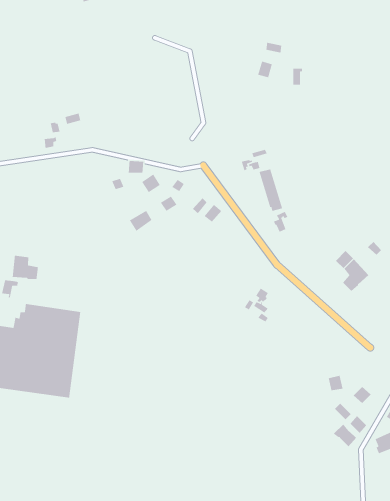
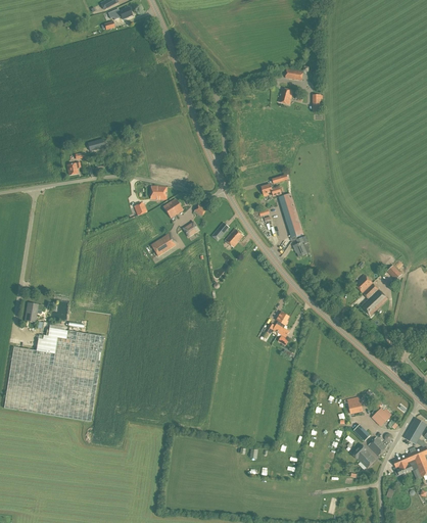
building: [12,255,39,280] -> none

